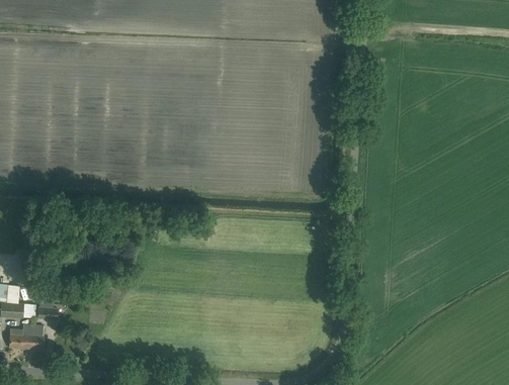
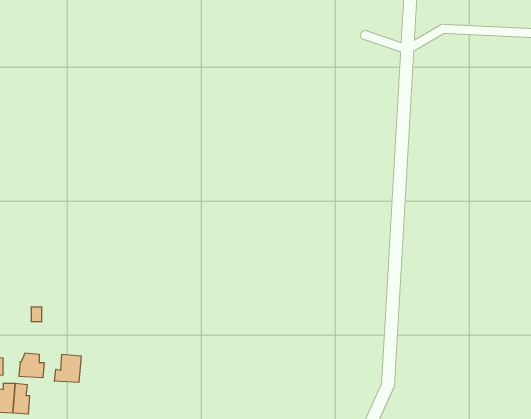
building: none -> [54,354,81,382]

